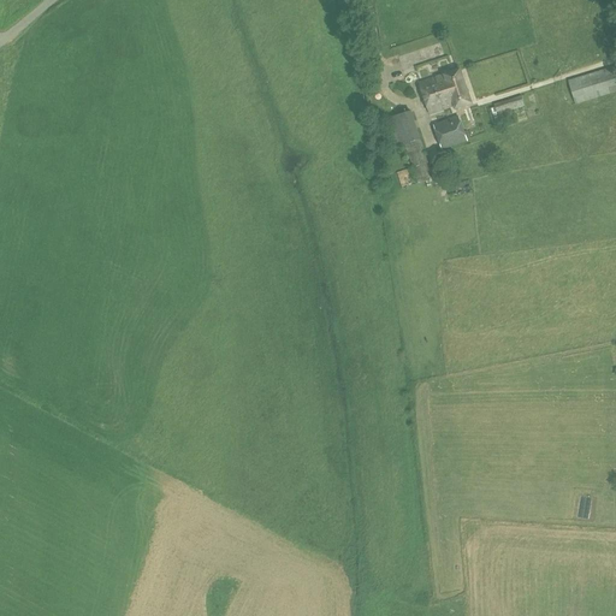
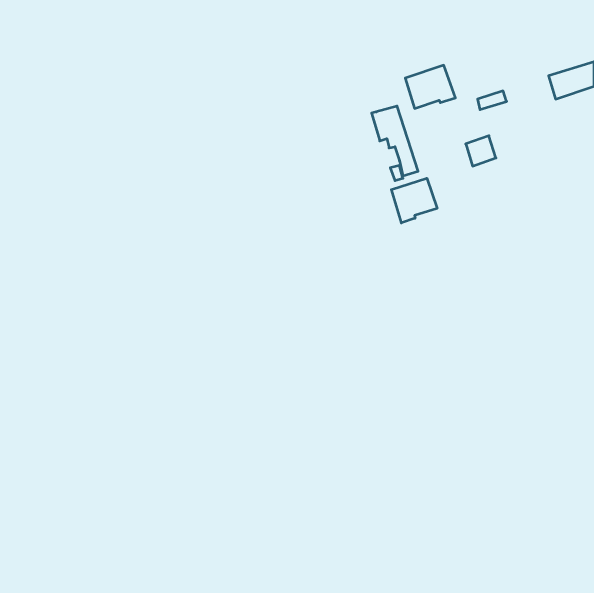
building: [433,116,464,147] -> [466,136,496,166]
building: none -> [391,178,437,223]

